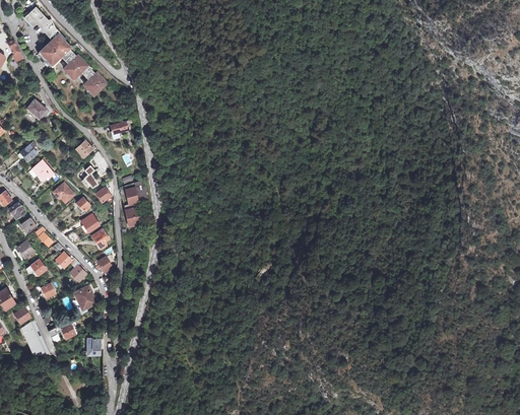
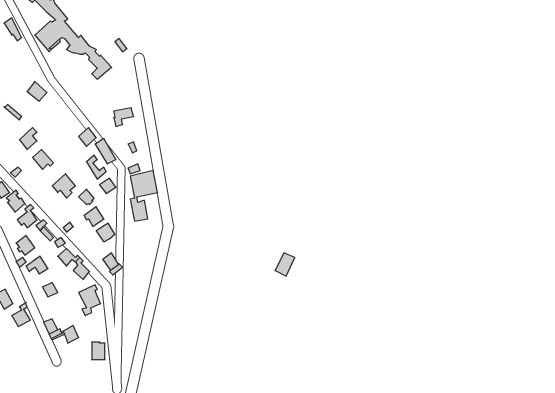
building: [22,320,51,355] -> none

